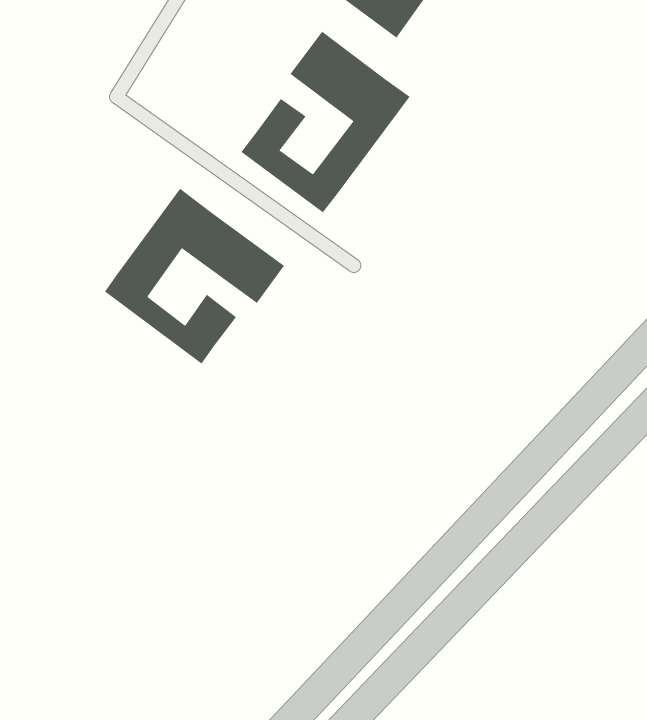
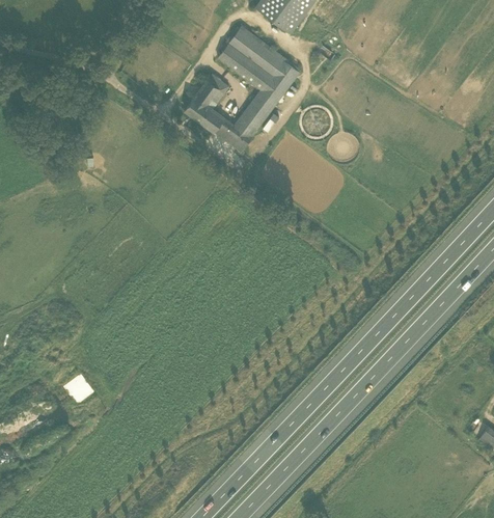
building: [104,188,285,364] -> none

